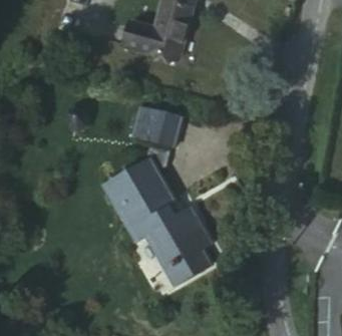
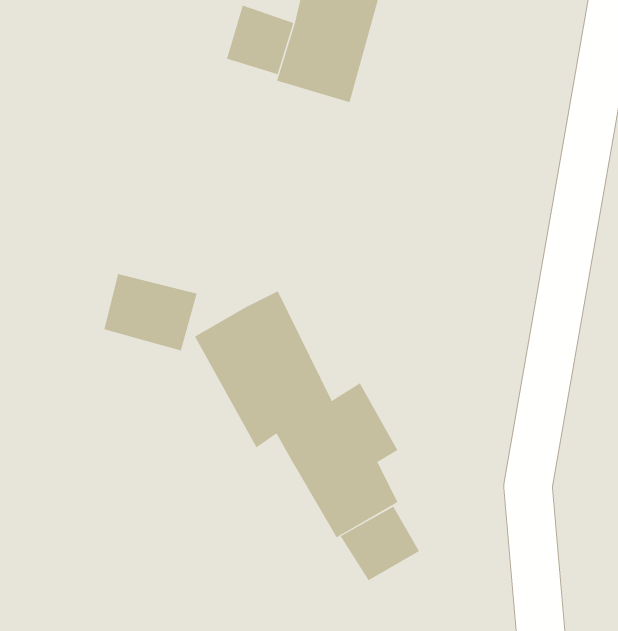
building: [131,107,179,146] -> [104,273,198,351]
building: none -> [340,506,420,581]

